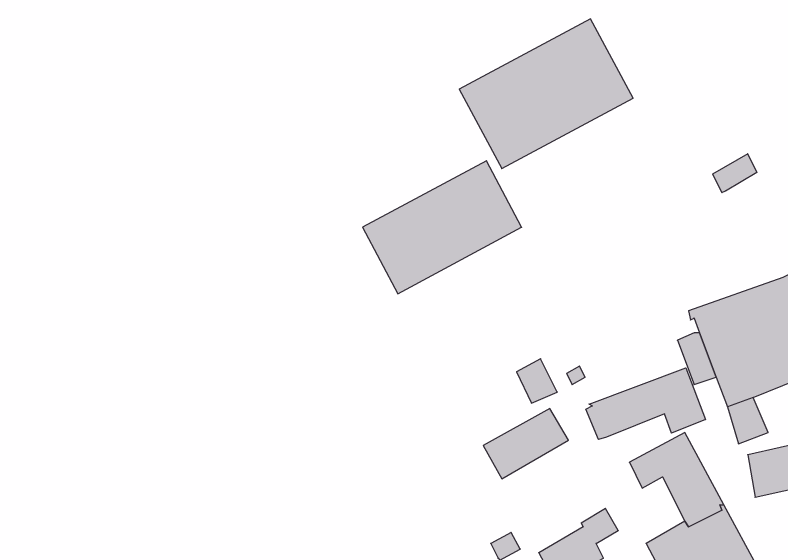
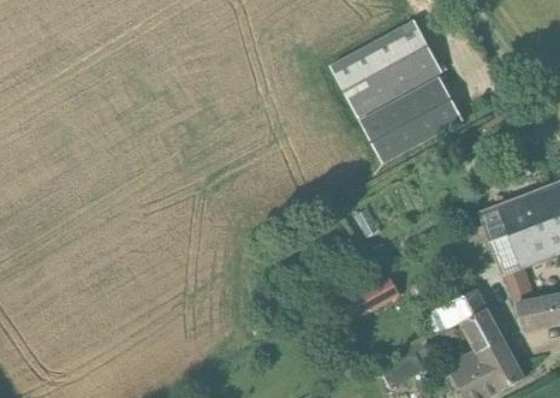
building: [363,161,522,294] -> [359,76,463,162]
building: [586,368,705,439] -> none

